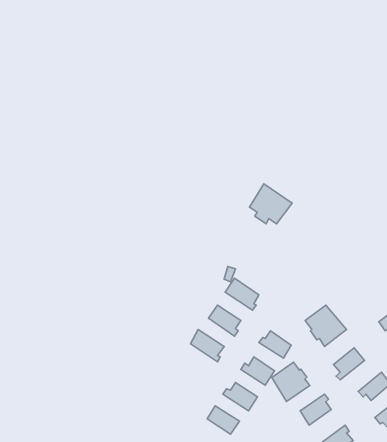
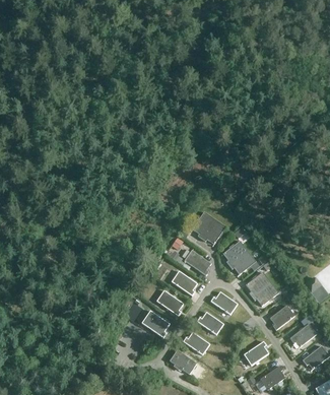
building: [250,184,292,224] -> [192,211,225,243]
building: none -> [222,240,256,273]
building: none -> [142,311,171,337]
building: [272,362,310,402] -> none

